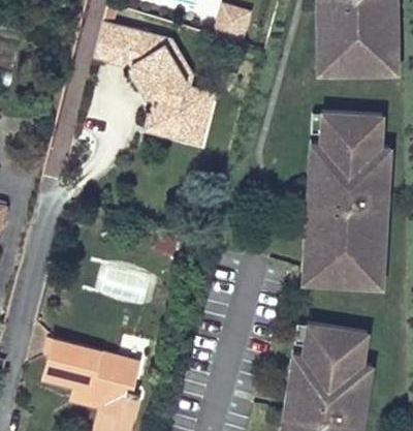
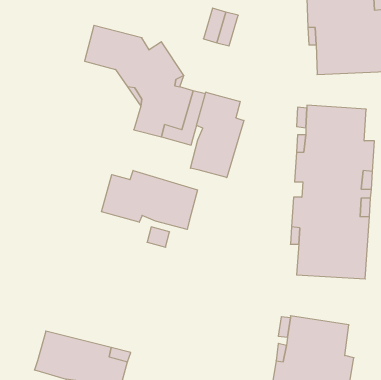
building: none -> [190,92,244,178]
building: none -> [102,170,198,229]

